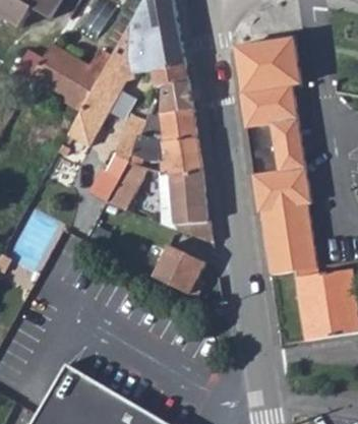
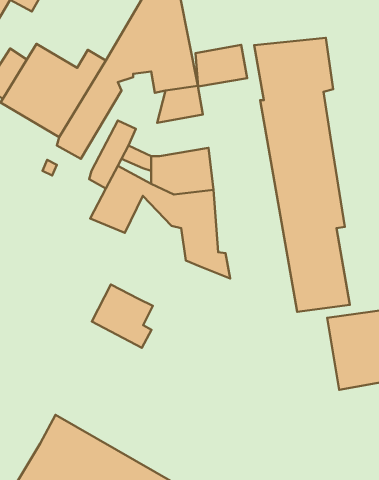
building: [153,104,196,139] -> [196,45,247,87]
building: [153,243,204,297] -> [92,284,153,348]

